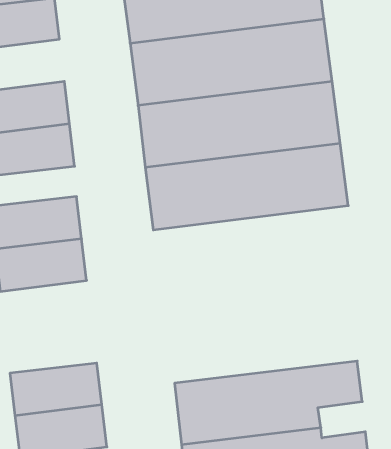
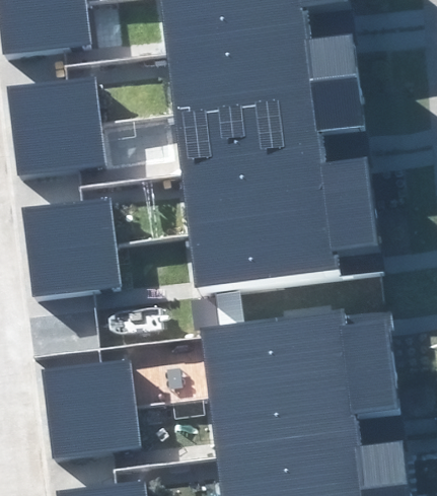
building: none -> [187,208,389,294]
building: none -> [201,309,391,386]

